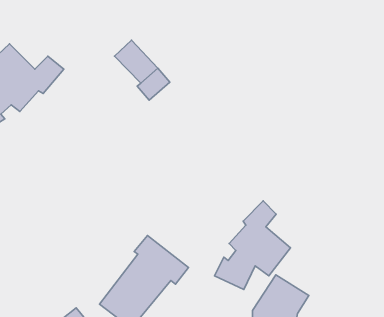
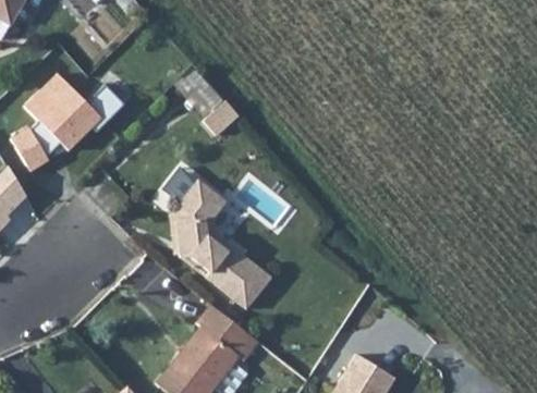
building: none -> [163,168,267,309]
building: [214,201,291,290] -> none

